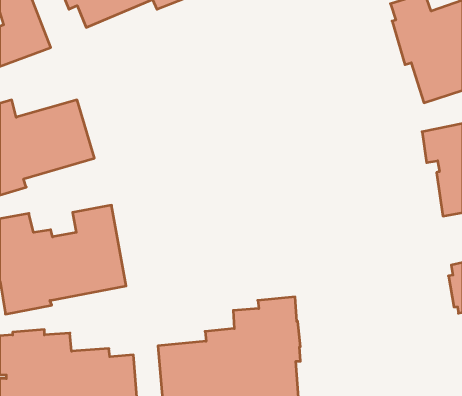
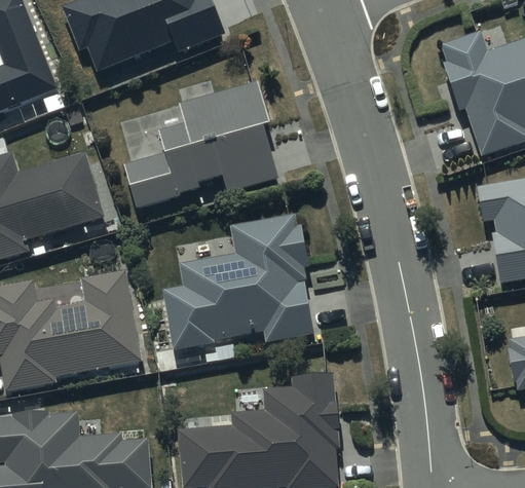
building: none -> [125,81,276,210]
building: none -> [164,216,314,349]

